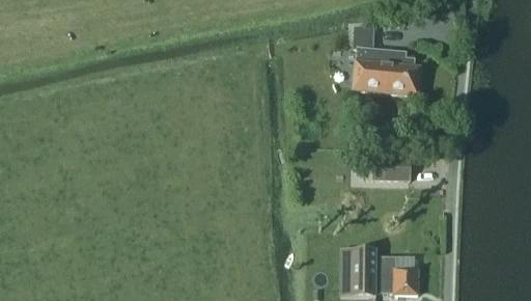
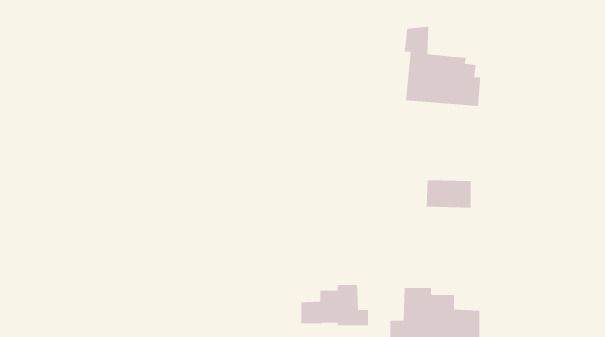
building: none -> [300,284,369,326]

